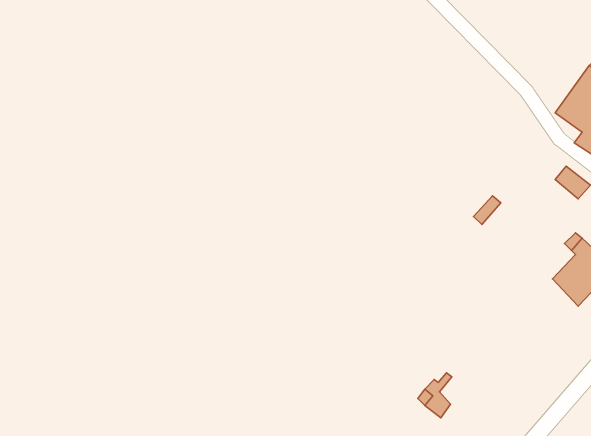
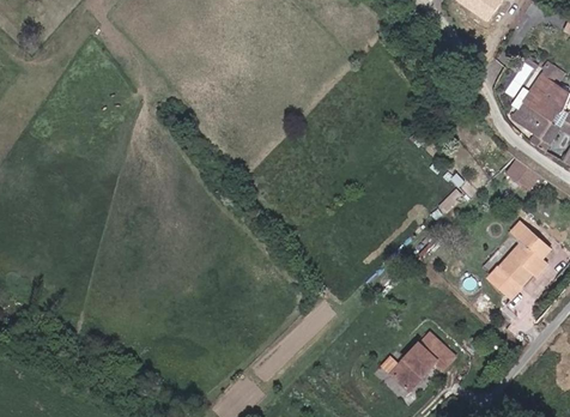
building: none -> [483,258,527,298]
building: none -> [405,326,453,373]

